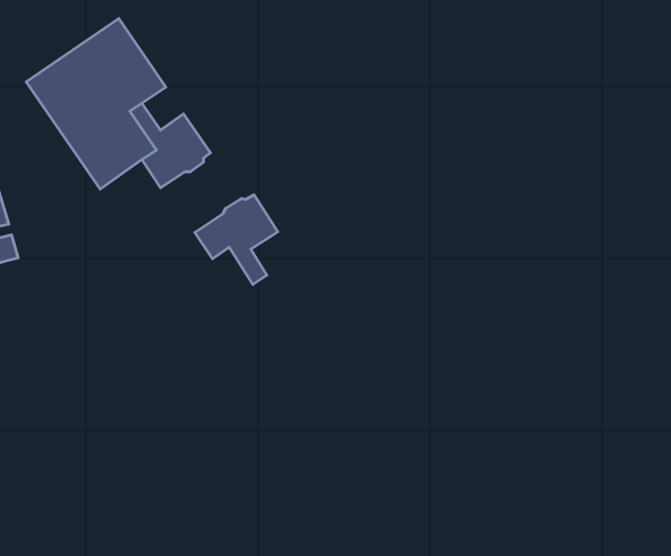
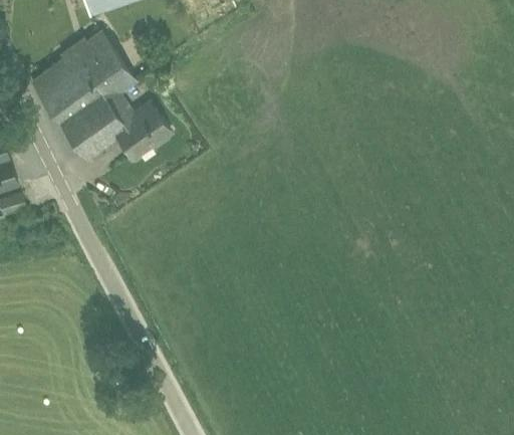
building: [195,195,278,285] -> none

